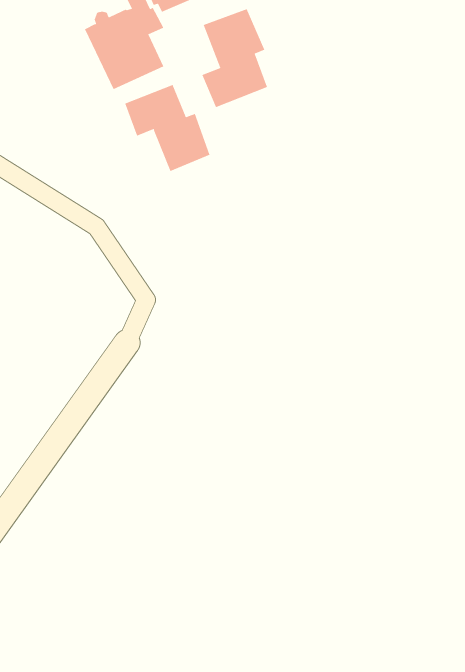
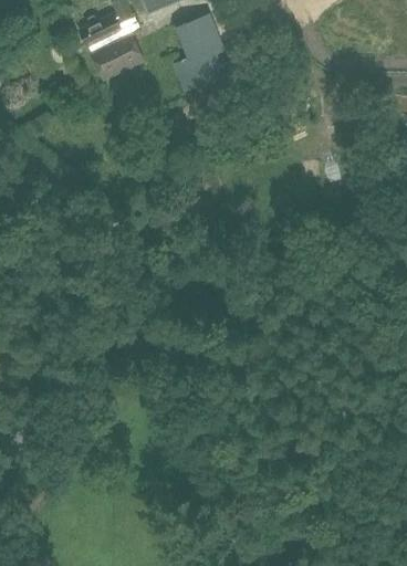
building: [124,84,210,172] -> none

